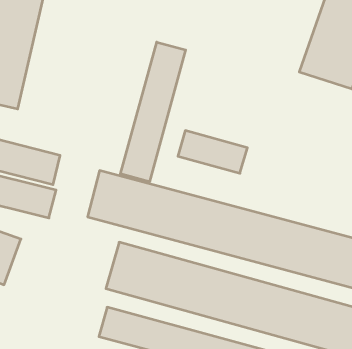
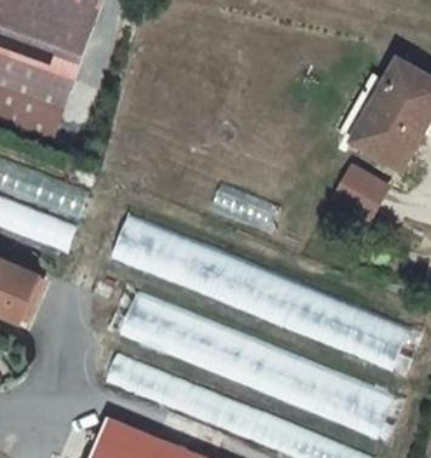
building: [120,42,186,182] -> none
building: none -> [336,165,387,214]

